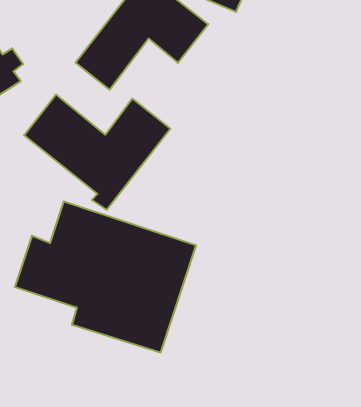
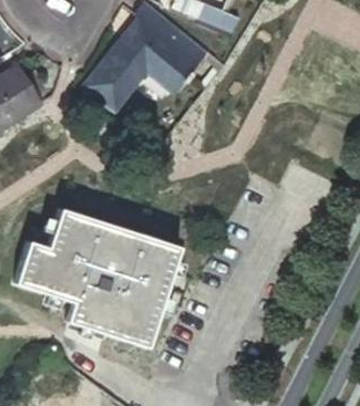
building: [24,95,170,210] -> none

